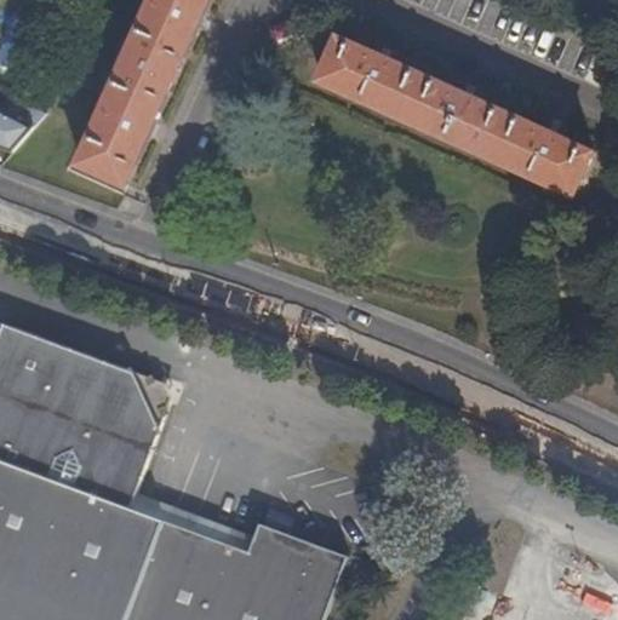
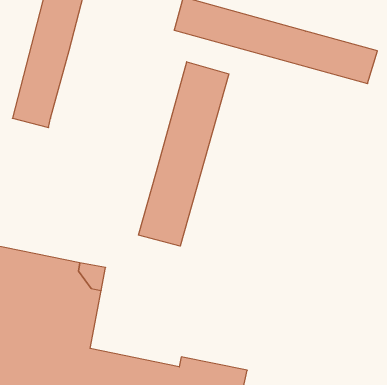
building: none -> [138,62,229,246]

